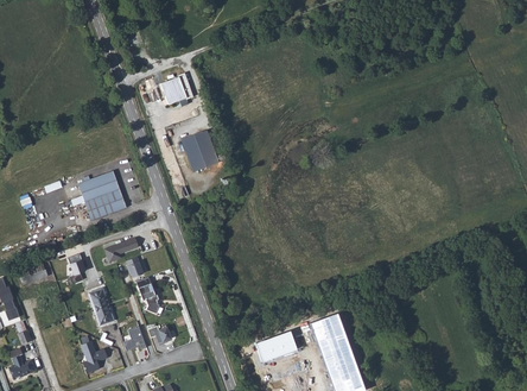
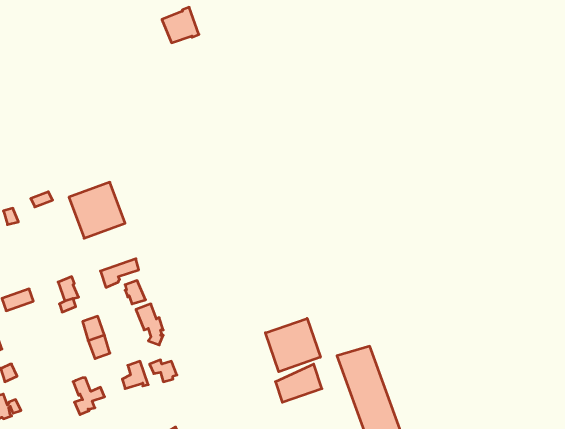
building: [161,71,193,102] -> [162,7,199,43]
building: [183,131,220,171] -> none
building: none -> [265,318,320,372]

